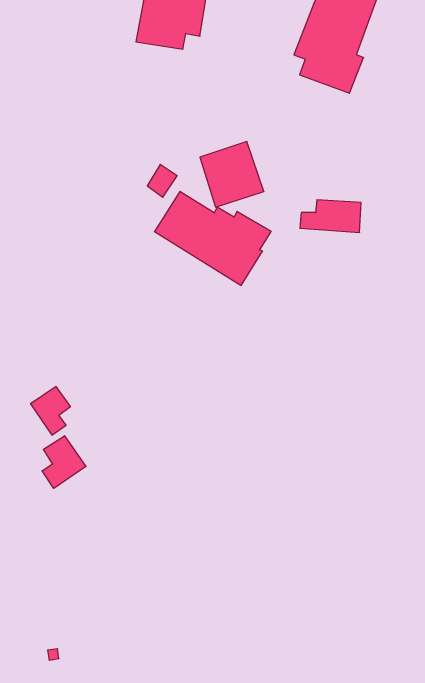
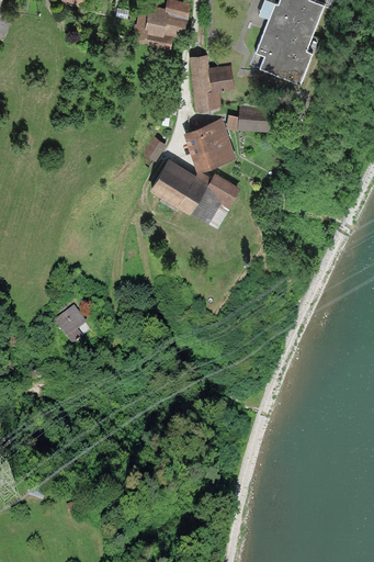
building: none -> [189,55,236,110]
building: [300,200,361,233] -> [226,105,273,131]
building: [42,436,86,488] -> none

